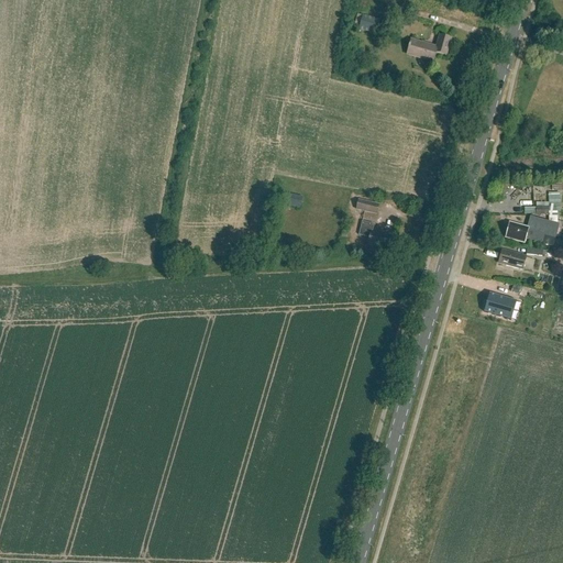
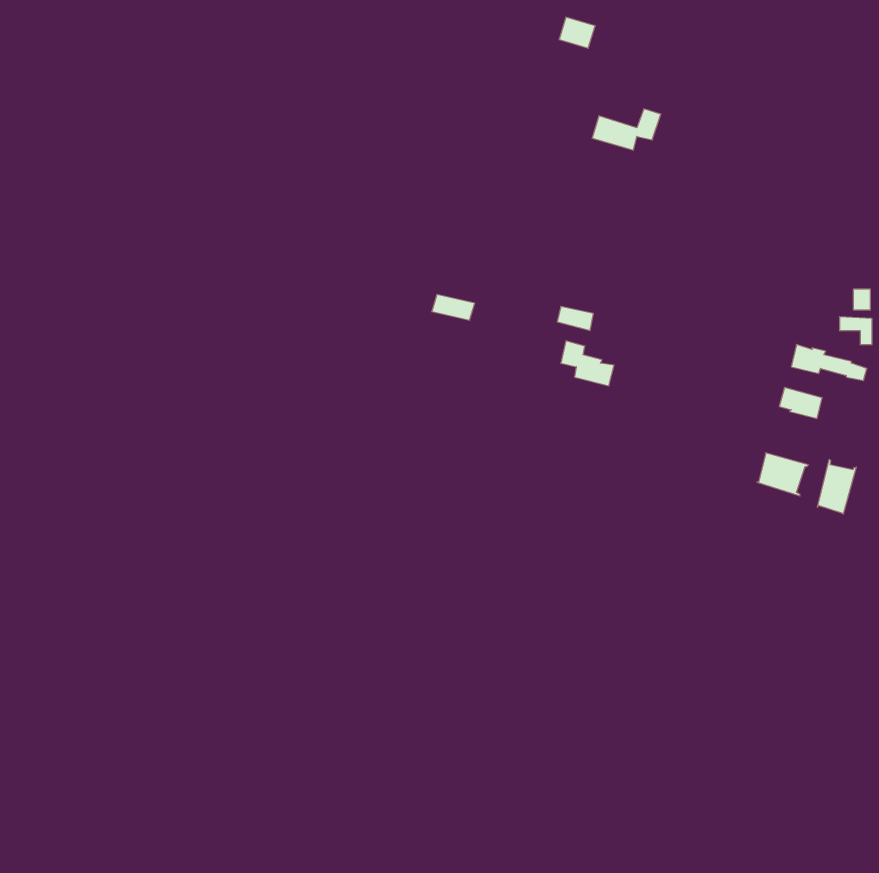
building: [407,32,451,58] -> [592,109,661,150]
building: none -> [817,459,856,514]

